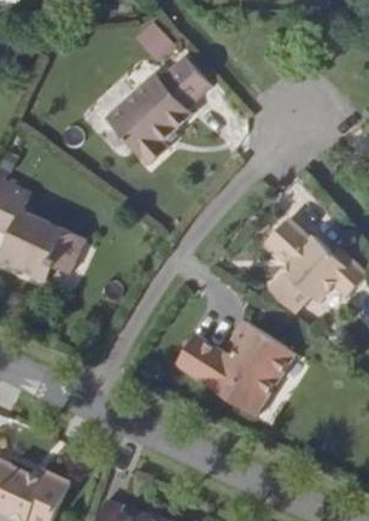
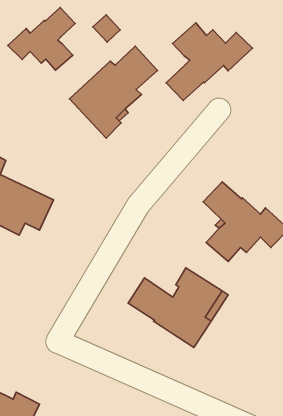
building: none -> [8,8,75,70]
building: none -> [166,23,253,100]

